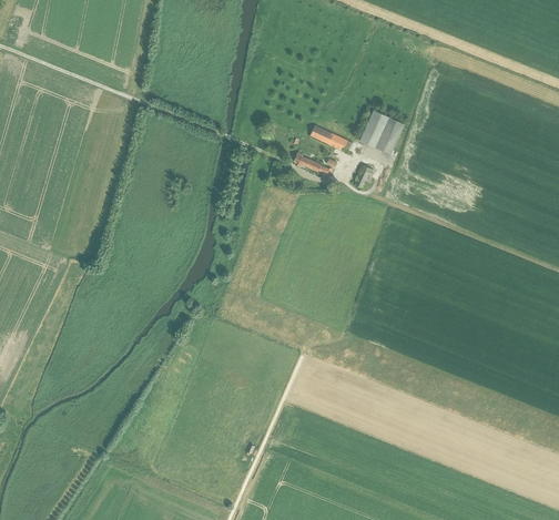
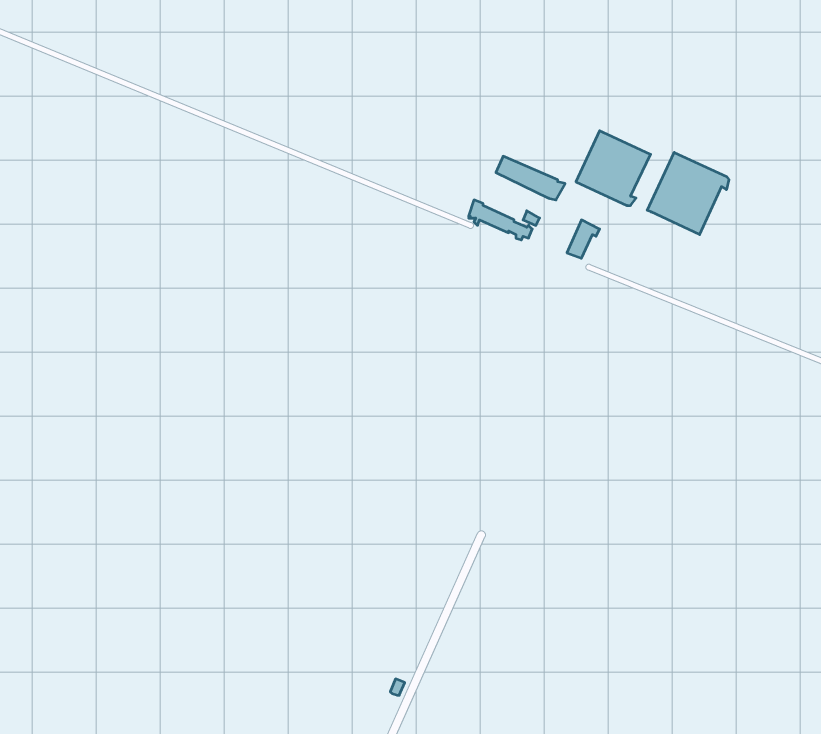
building: none -> [647,152,729,235]

